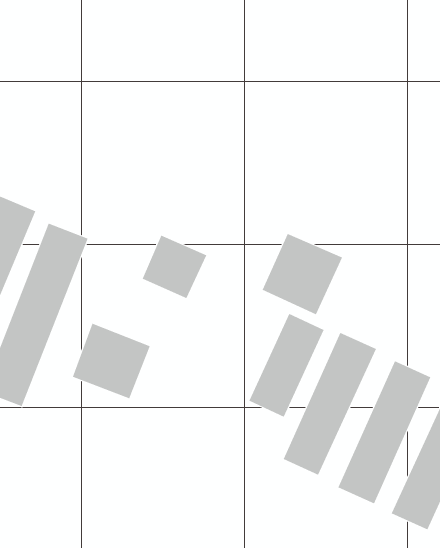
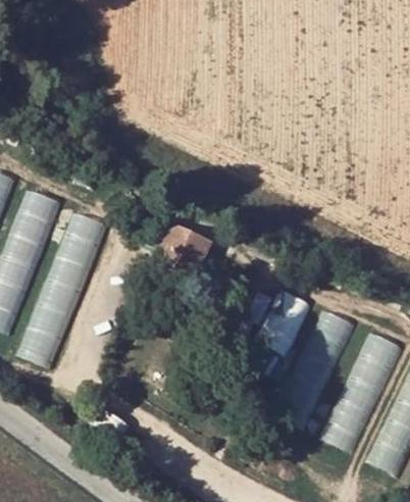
building: [262,233,343,315] -> none
building: [72,323,151,399] -> none

